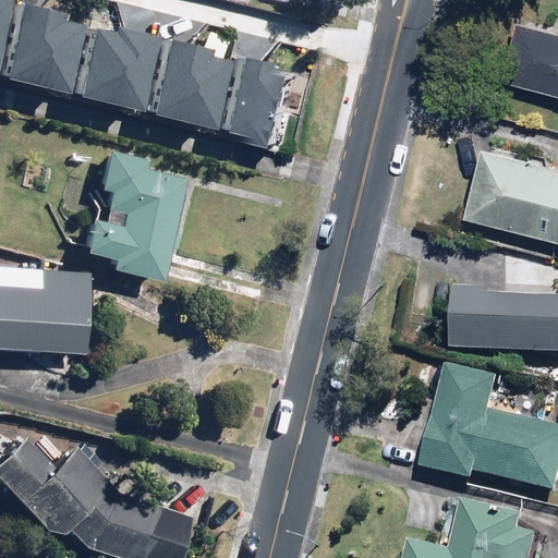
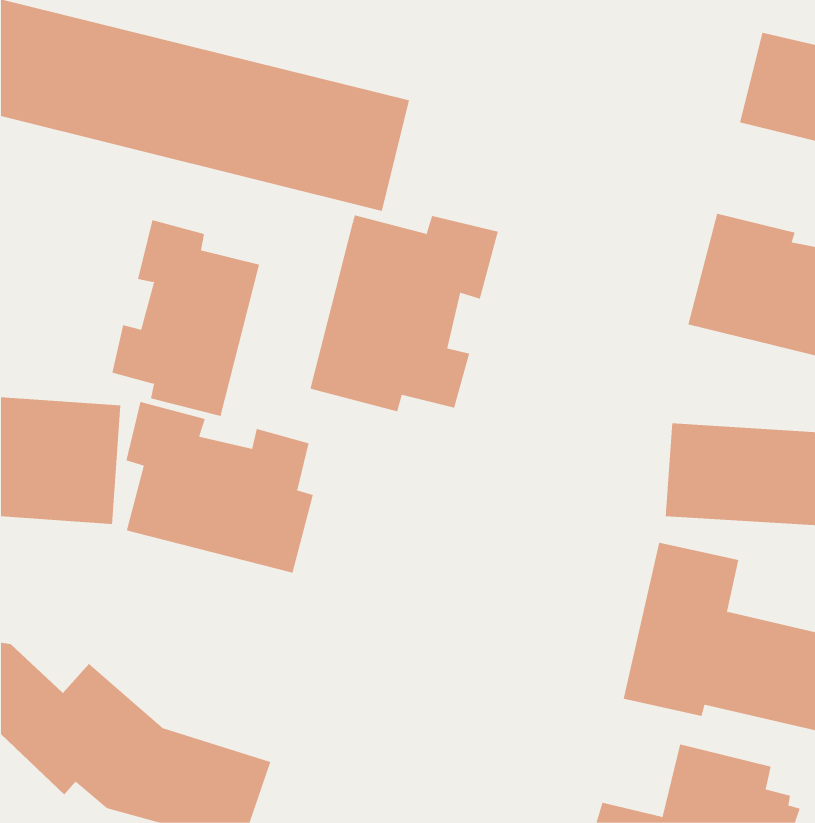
building: none -> [310,215,498,412]
building: none -> [126,401,313,574]

